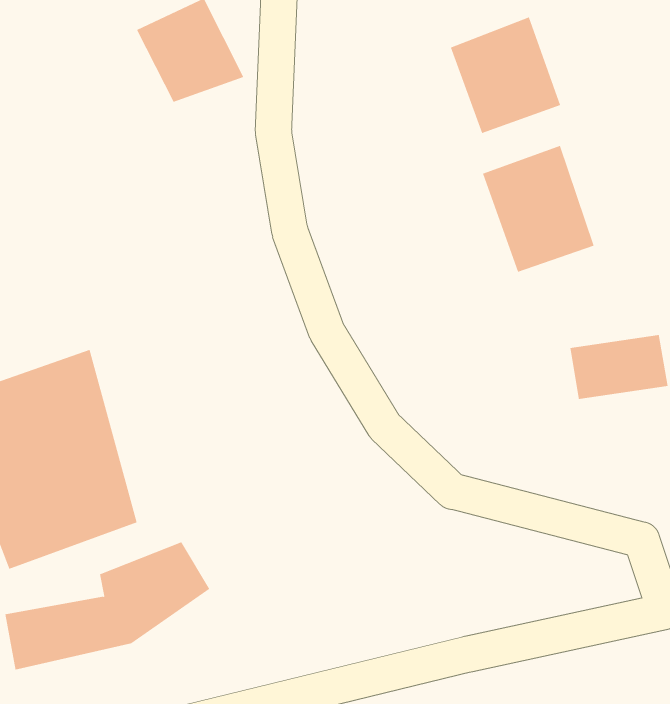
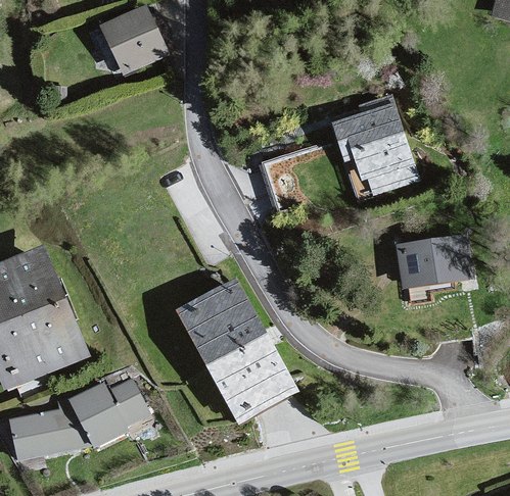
building: [450,16,561,134] -> none
building: none -> [179,279,290,415]

